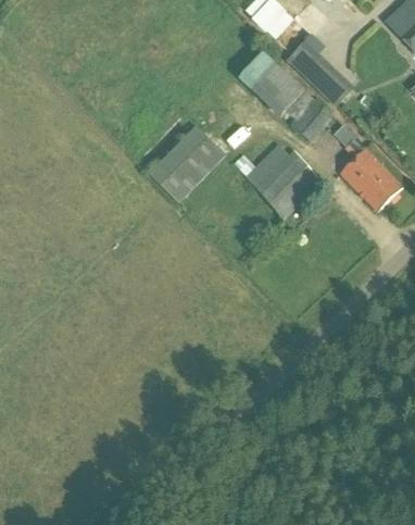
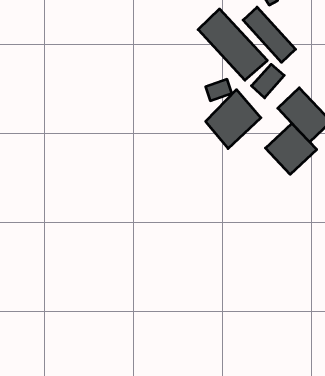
building: [158,135,222,200] -> none
building: none -> [265,123,317,174]

